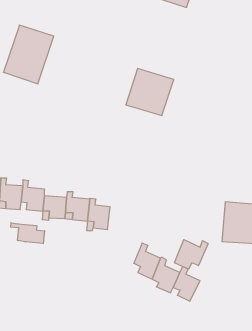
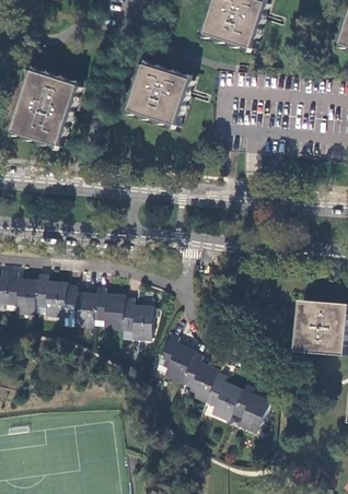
building: [126,68,174,116] -> [126,62,188,124]
building: [11,223,44,244] -> none
building: none -> [154,333,190,379]
building: [174,240,208,269] -> none

